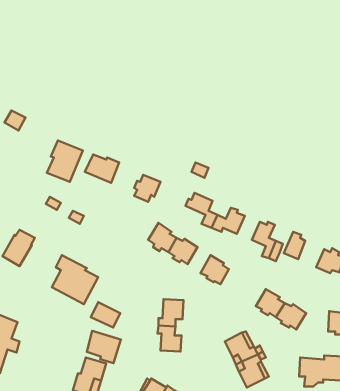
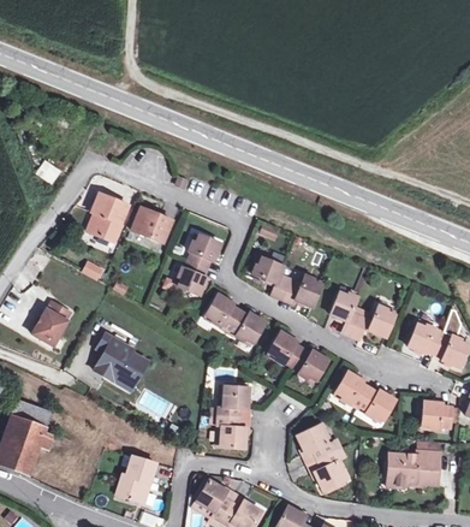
building: none -> [177,261,206,296]
building: none -> [292,349,328,381]
building: [87,331,121,363] -> none

